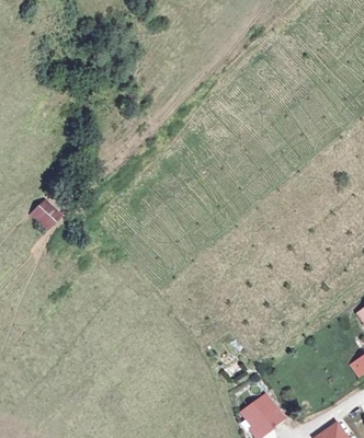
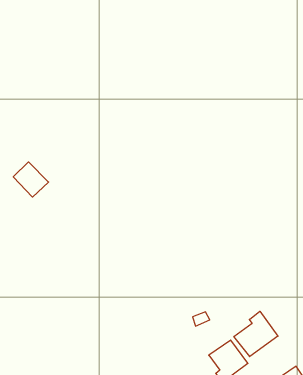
building: none -> [234,311,278,357]

